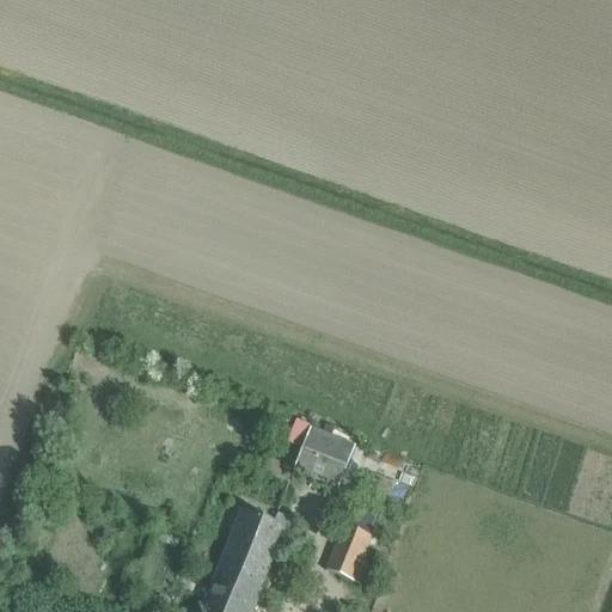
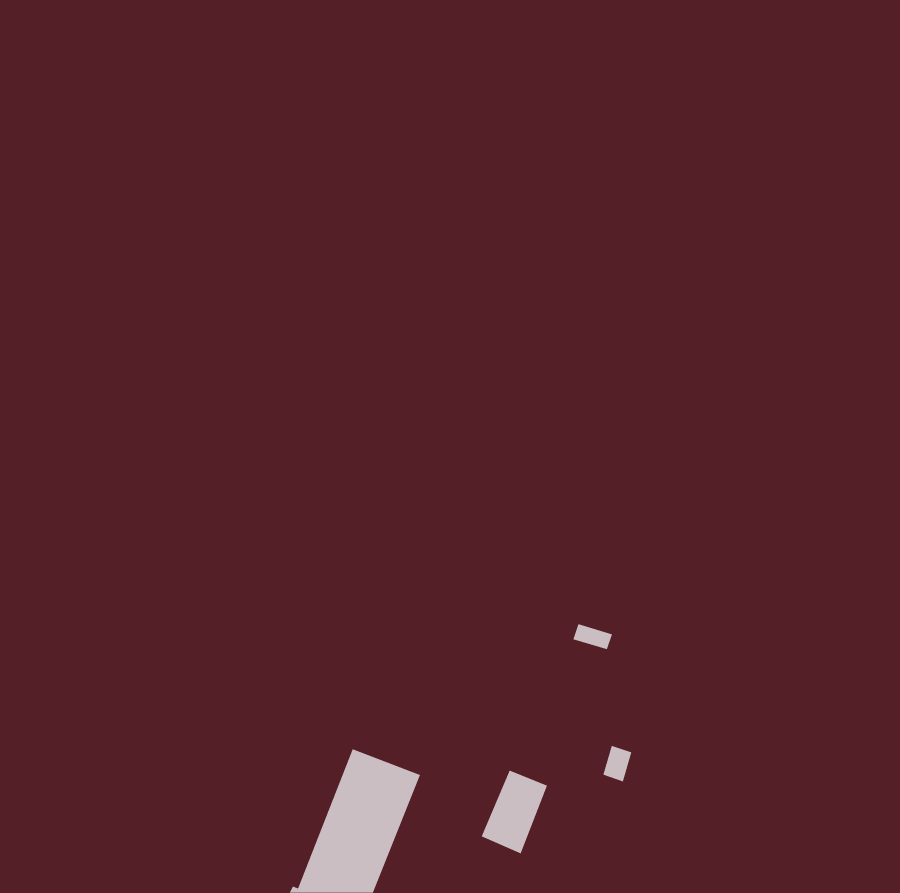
building: [295,424,359,486] -> none

